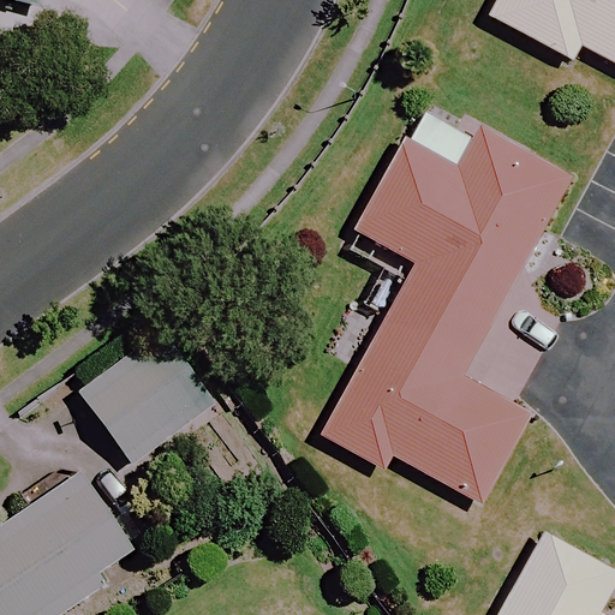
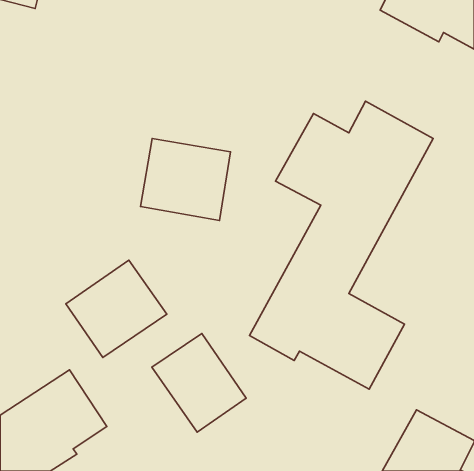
building: none -> [141,139,231,221]
building: none -> [152,333,246,432]

